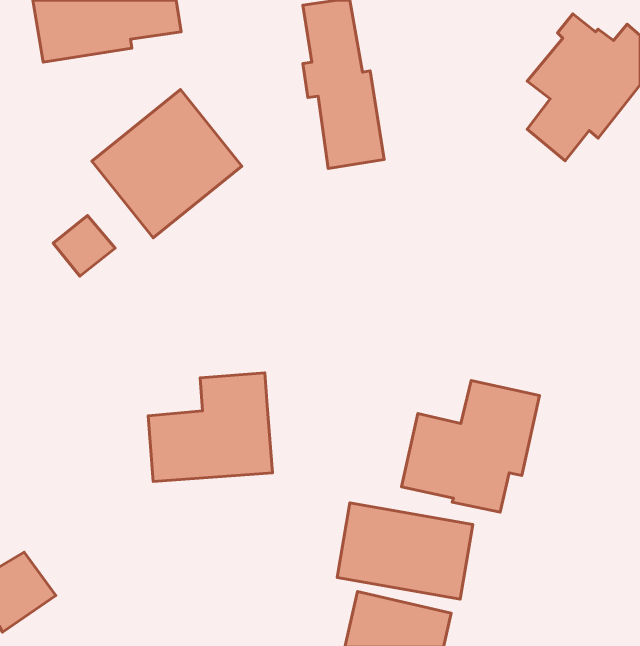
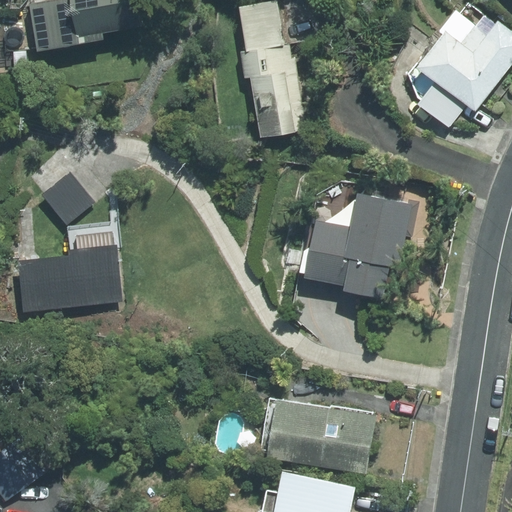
building: [92,89,242,238] -> none
building: [148,373,272,482] -> [21,224,119,310]
building: [401,380,540,512] -> [304,192,413,296]

